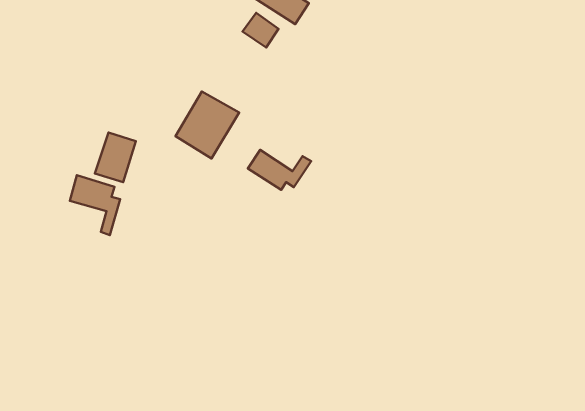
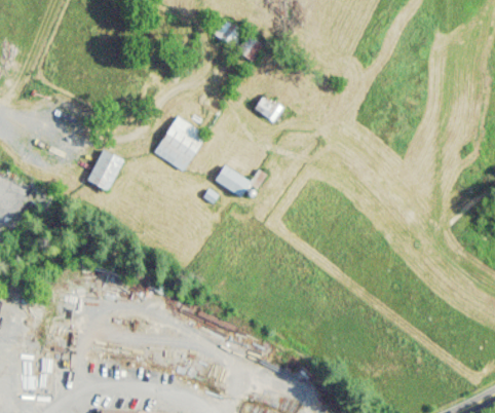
building: [242,13,278,48] -> [254,93,283,122]
building: [70,175,120,235] -> none

